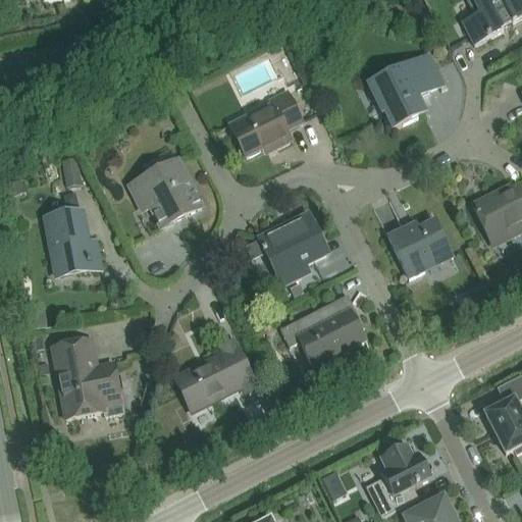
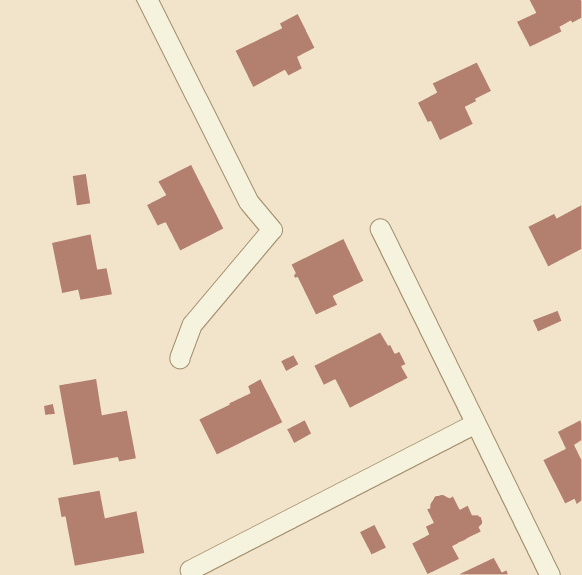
building: [229,89,302,156] -> [235,13,315,88]
building: [387,218,453,276] -> none
building: none -> [57,490,145,566]

